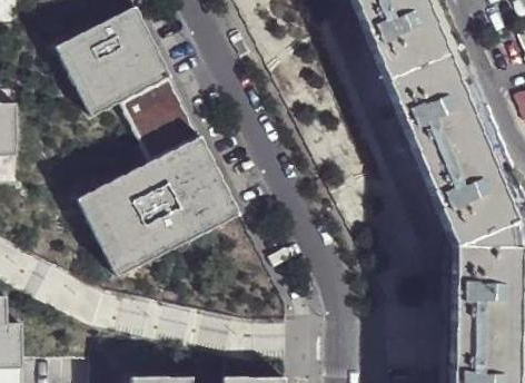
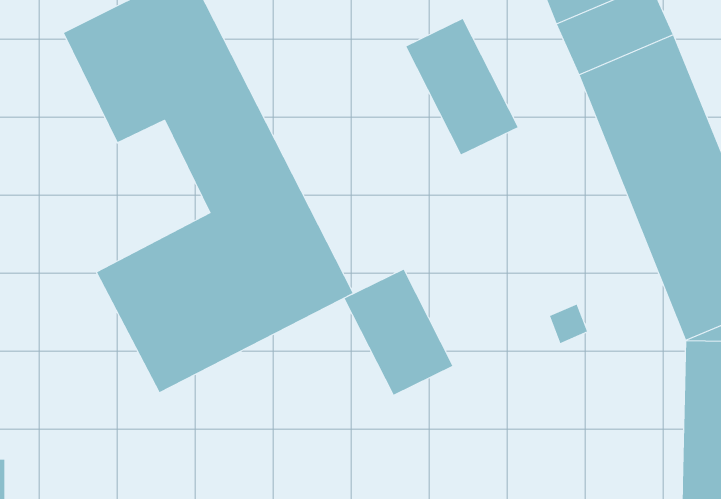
building: none -> [405,18,518,155]
building: none -> [344,269,453,395]

